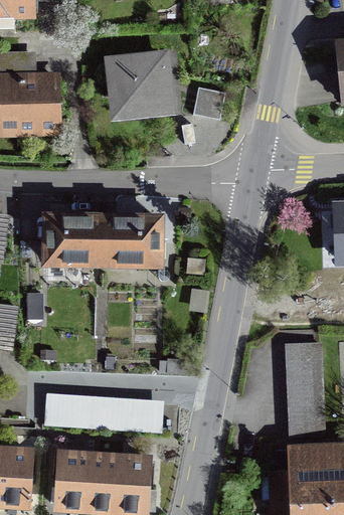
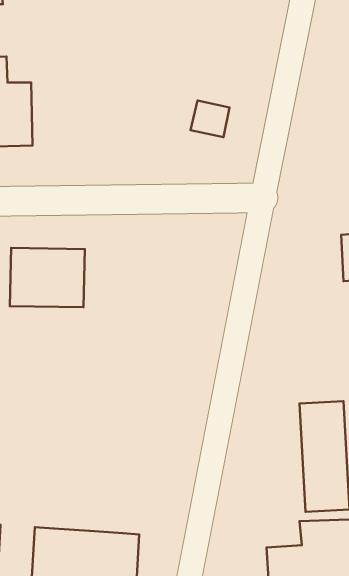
building: [103,50,176,121] -> none
building: [102,215,163,266] -> none
building: [44,398,161,425] -> none

